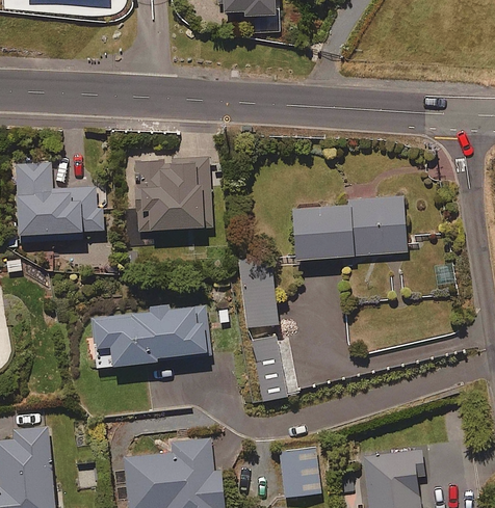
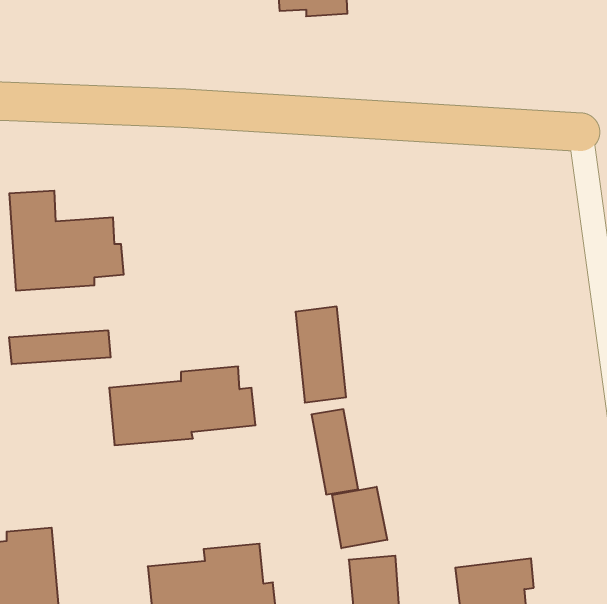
building: [133,161,204,230] -> none
building: [293,199,406,260] -> none
building: none -> [9,330,111,364]
building: none -> [332,487,387,548]

